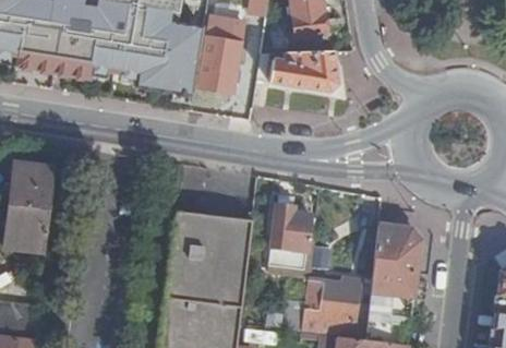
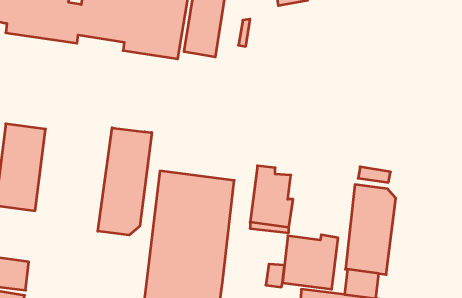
building: [269,49,337,91] -> none
building: none -> [98,128,152,235]

